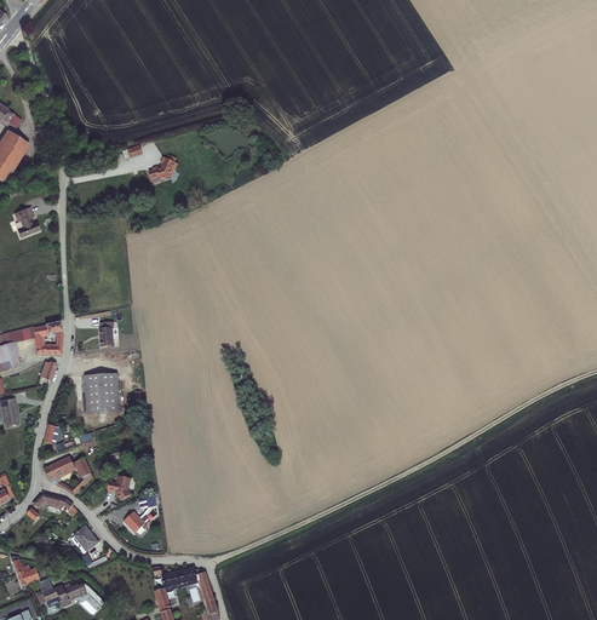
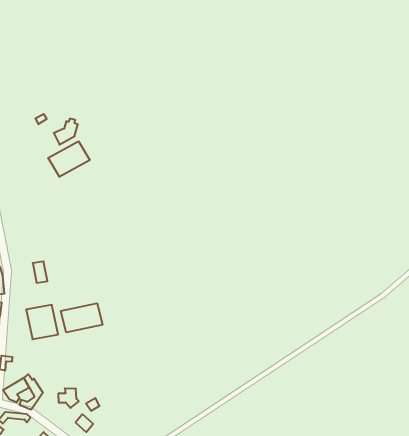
building: none -> [48,141,90,177]
building: none -> [61,303,103,332]

